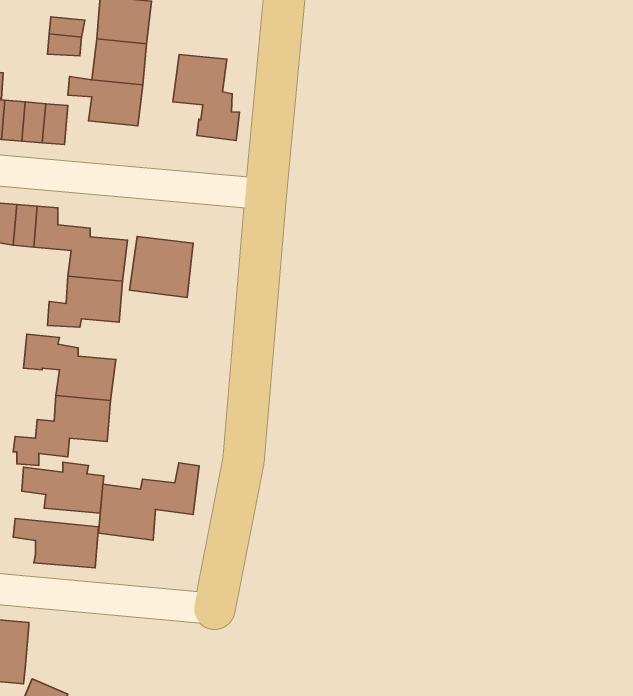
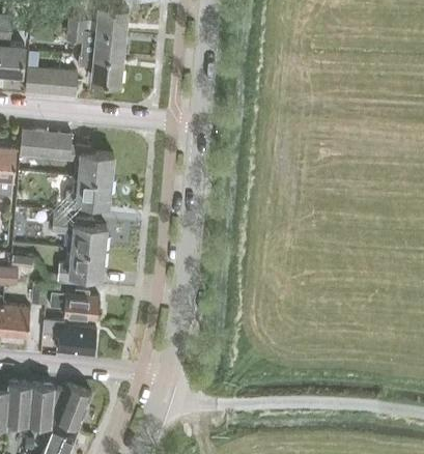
building: [173,54,239,140] -> none
building: [130,237,193,297] -> none
building: [99,463,199,540] -> none
building: none -> [52,386,91,427]

